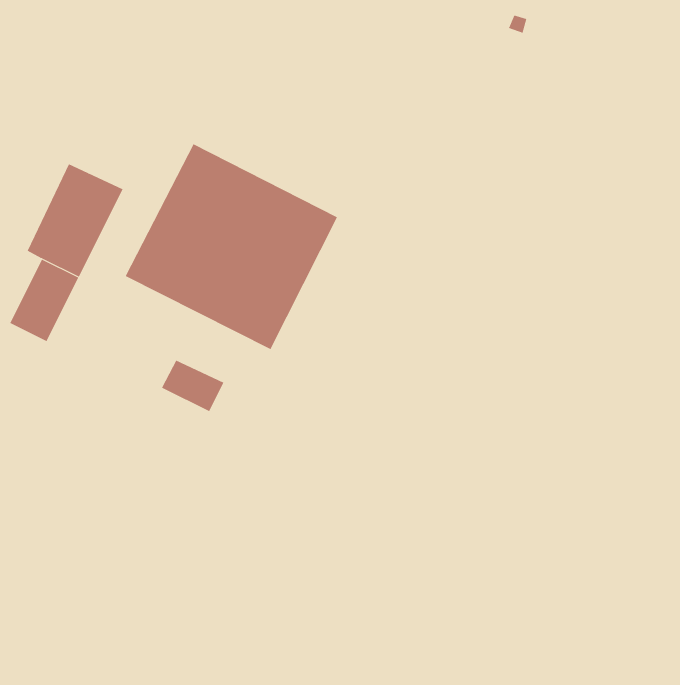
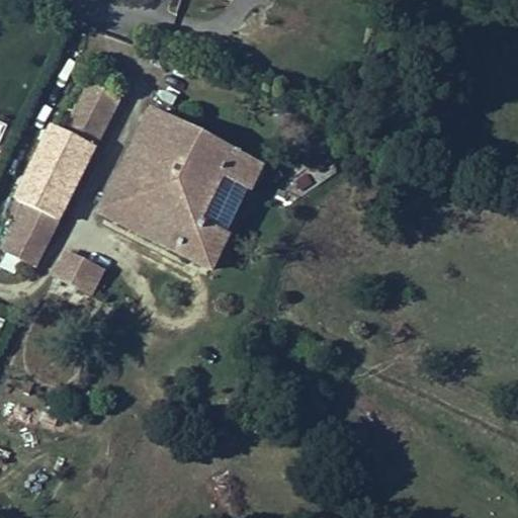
building: none -> [71,73,125,143]
building: [161,360,224,412] -> [56,255,103,294]

